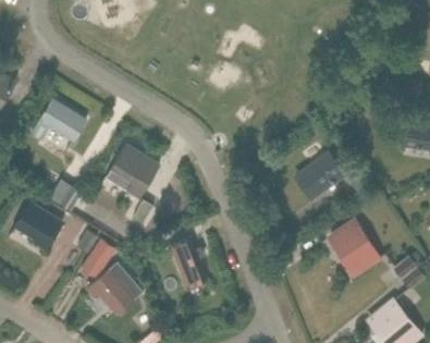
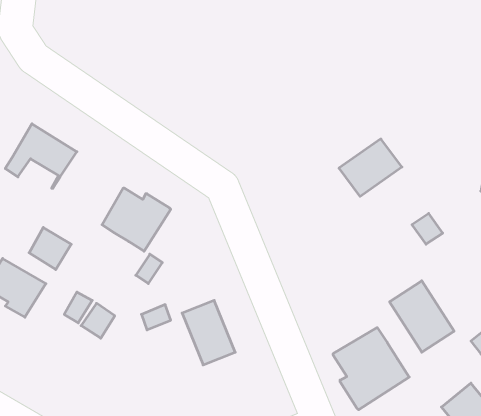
building: [295,154,344,198] -> [339,139,402,196]
building: none -> [333,328,409,410]
building: [86,261,143,315] -> none

